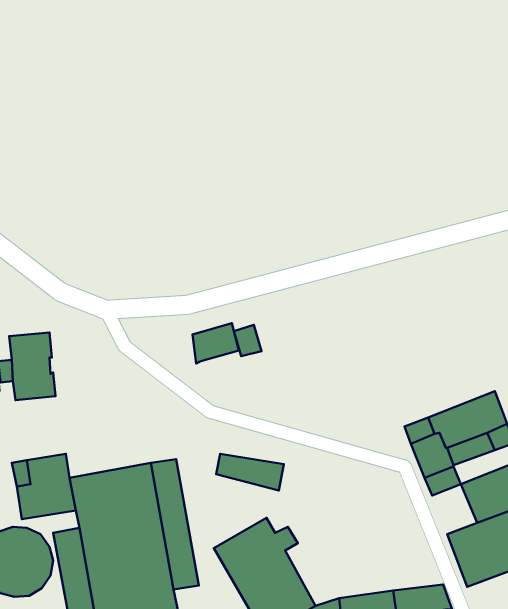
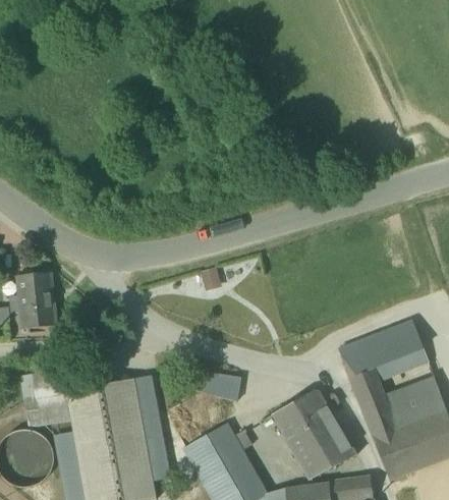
building: [193,323,239,363] -> none
building: none -> [272,389,356,479]
building: none -> [360,395,397,436]

